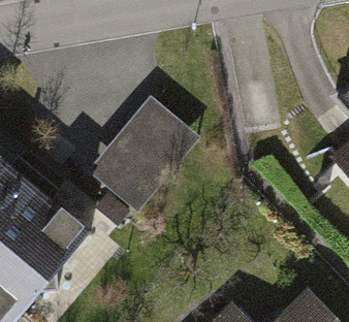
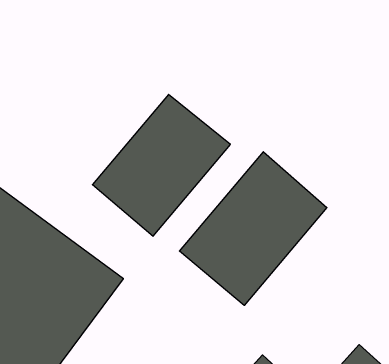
building: none -> [179,152,327,305]

